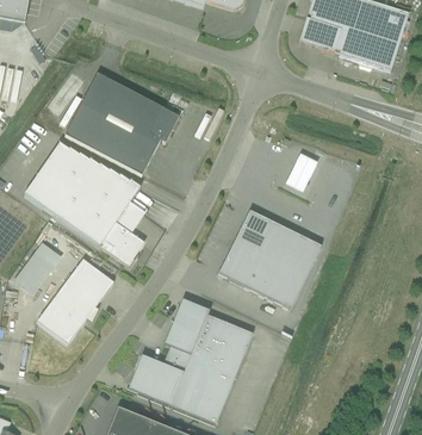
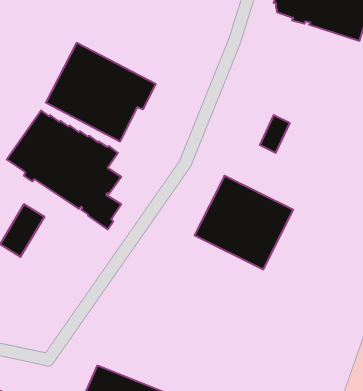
building: [37,257,113,342] -> none
building: [126,300,253,423] -> none

